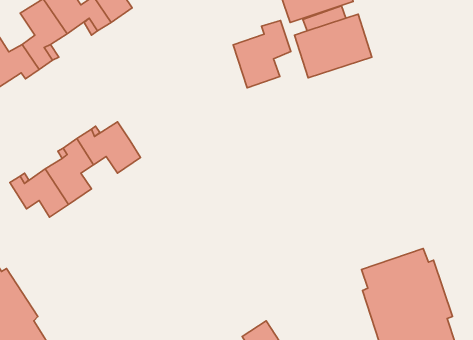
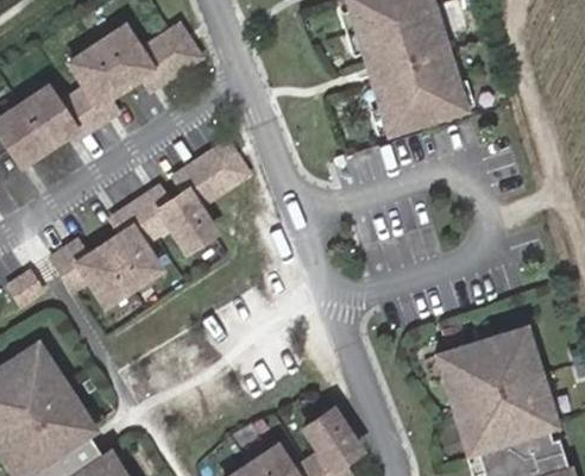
building: [233,20,291,88] -> none
building: none -> [170,145,239,207]

